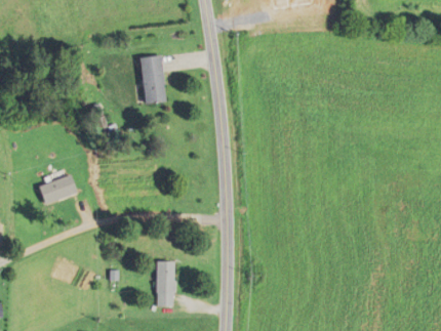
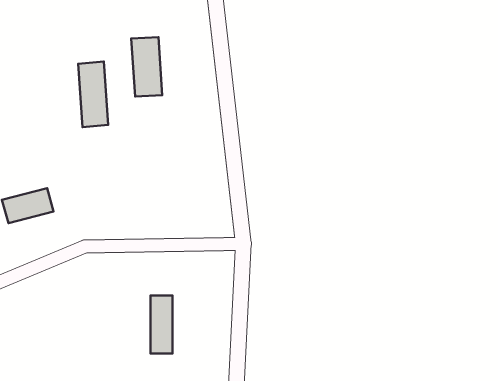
building: none -> [78,62,108,127]

